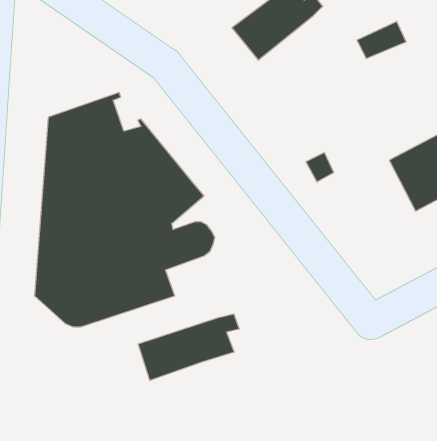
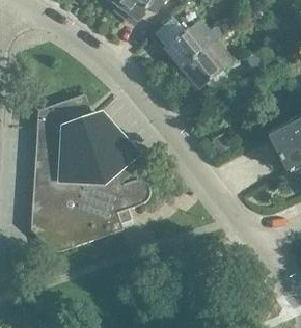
building: none -> [180,39,234,90]
building: [138,314,239,381] -> none

